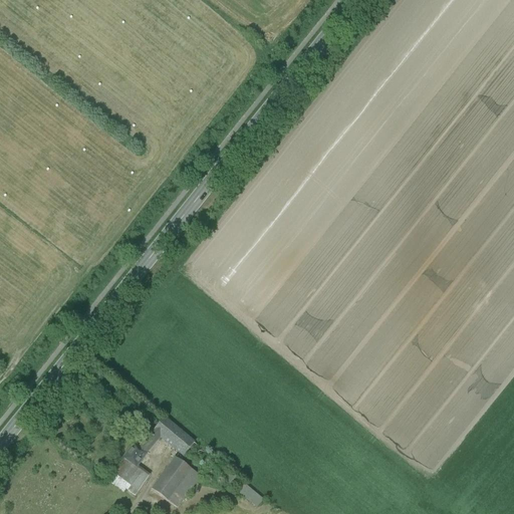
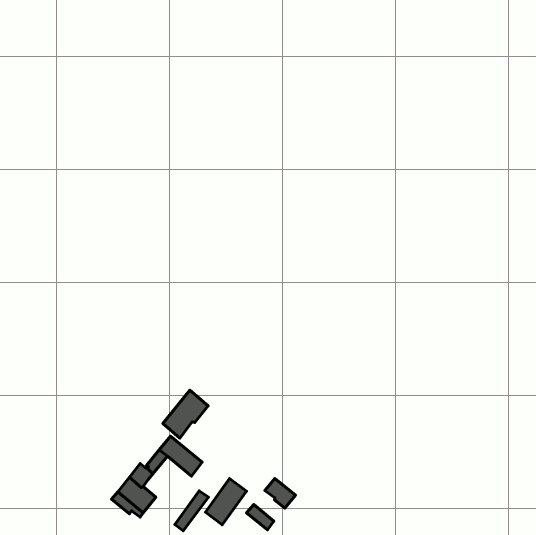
building: none -> [163,390,208,438]
building: [153,456,192,500] -> [205,478,247,525]
building: none -> [265,479,295,508]

